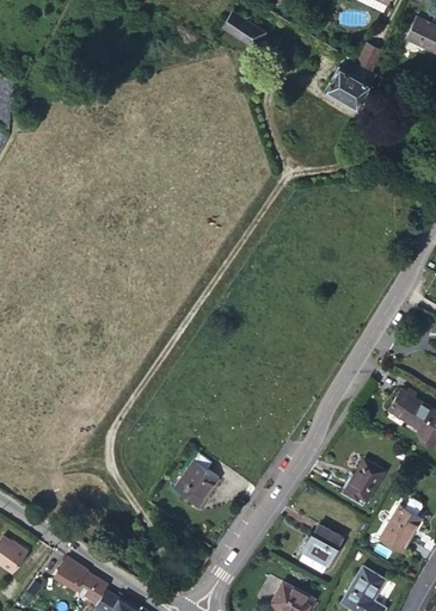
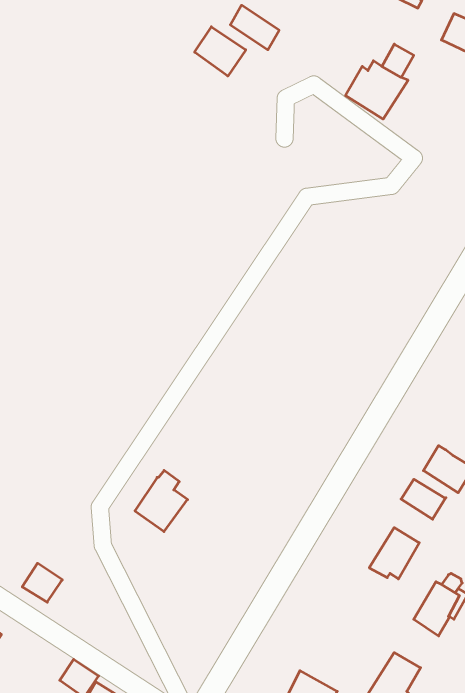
building: none -> [195,27,246,76]
building: none -> [401,479,446,519]
building: [174,455,220,507] -> [135,470,188,532]
building: [301,525,344,574] -> none
building: [55,557,90,591] -> [22,563,62,602]

